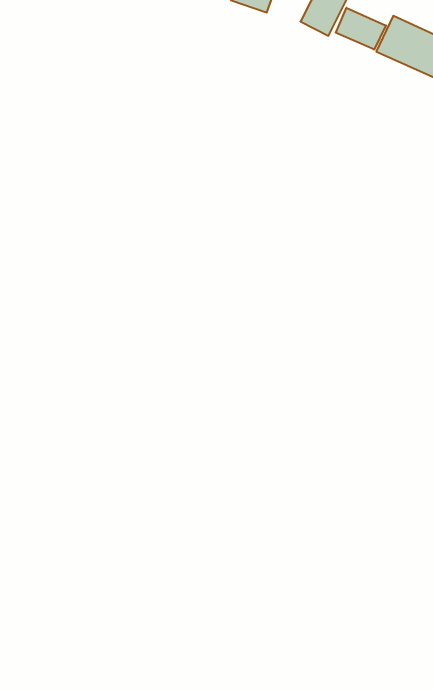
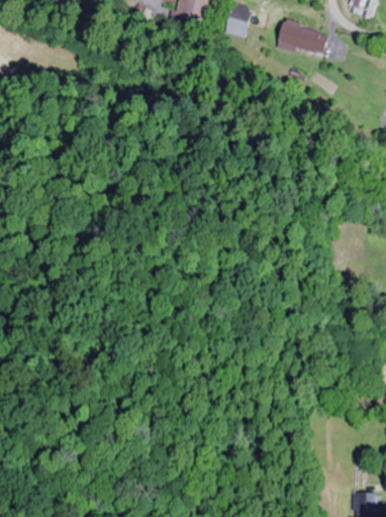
building: [336,8,386,50] -> none

